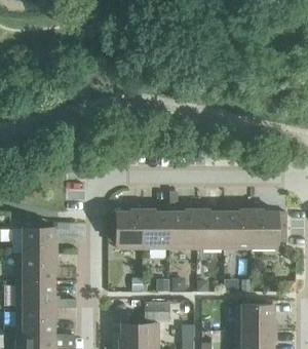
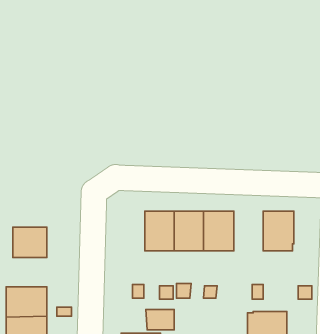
building: [116,212,144,248] -> none
building: [225,212,252,248] -> none
building: [17,255,54,281] -> none

